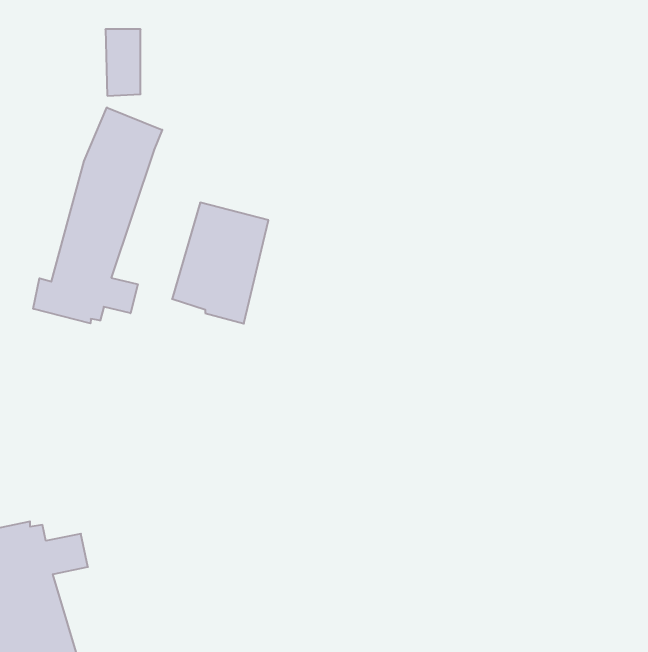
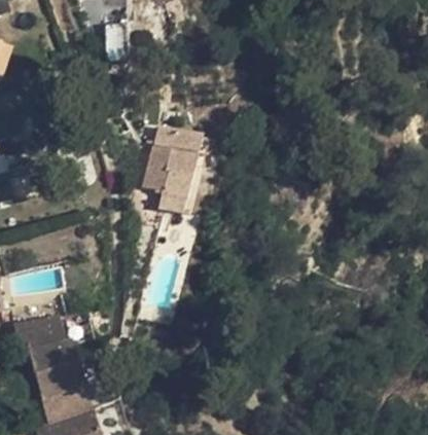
building: [33,107,162,323] -> none

